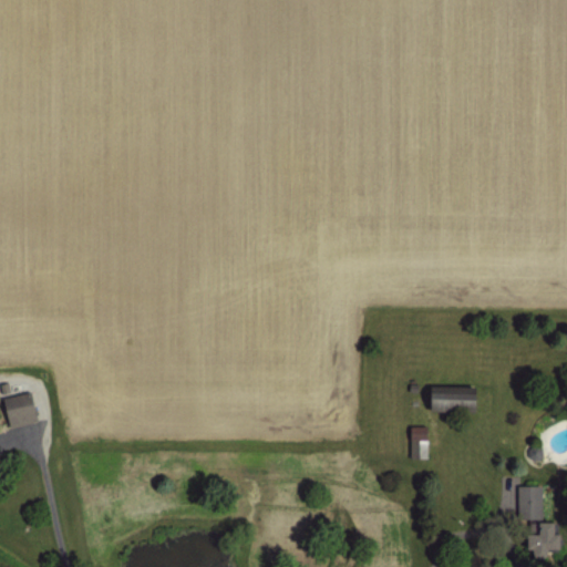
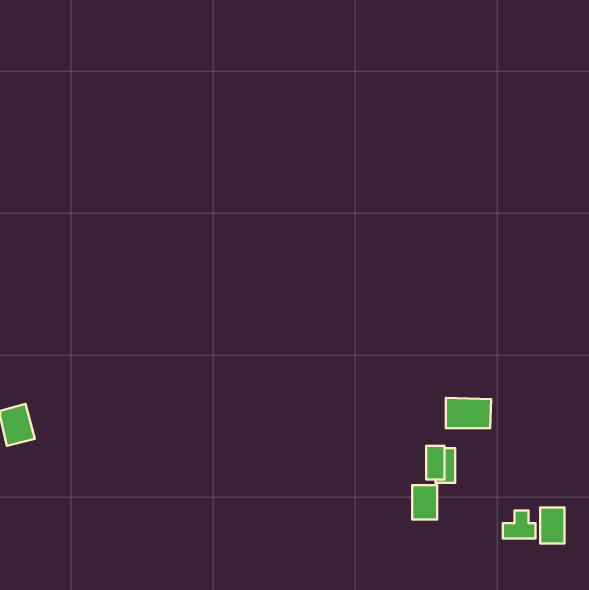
building: none -> [412,485,437,520]
building: [525,525,556,551] -> [503,510,536,538]

